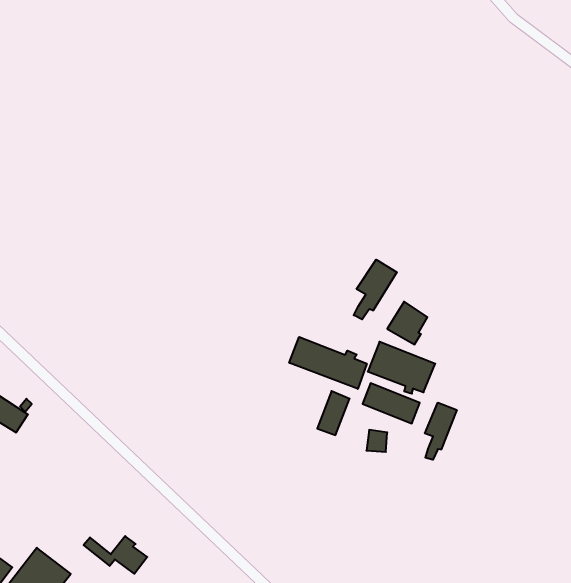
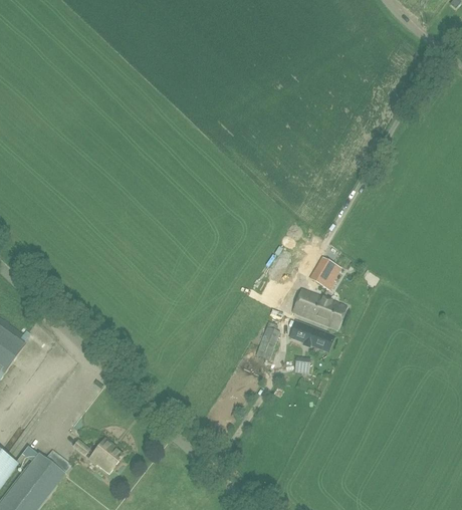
building: [354,260,397,319] -> none
building: [289,337,367,389] -> none
building: [425,403,457,460] -> none

